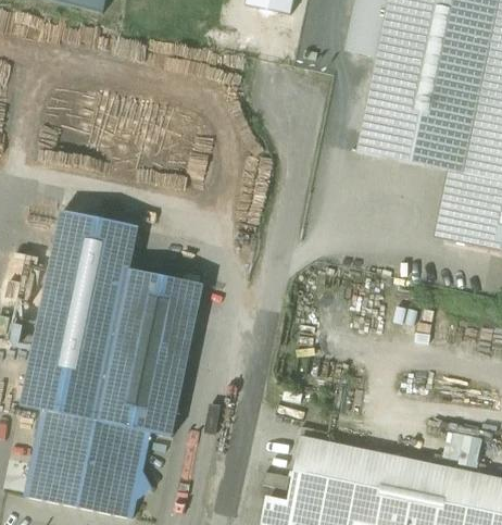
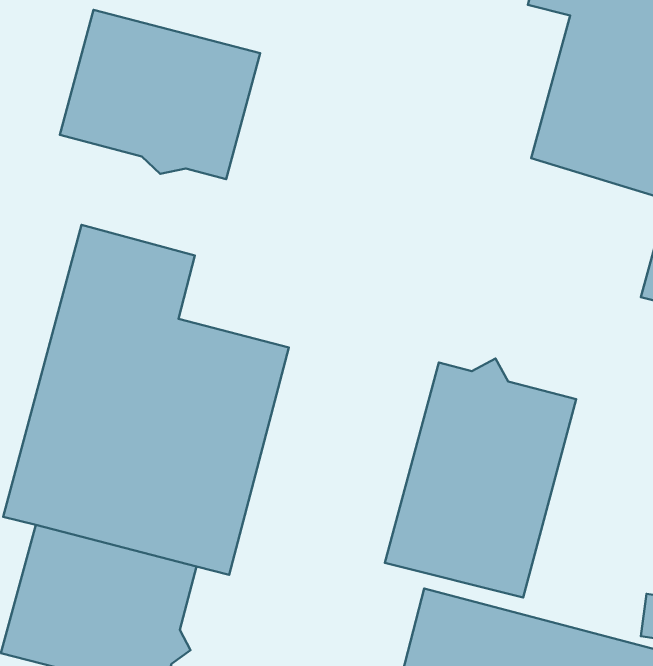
building: none -> [60,10,260,179]
building: none -> [385,358,576,598]

